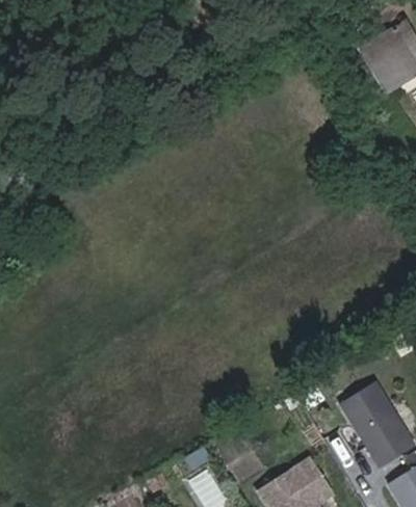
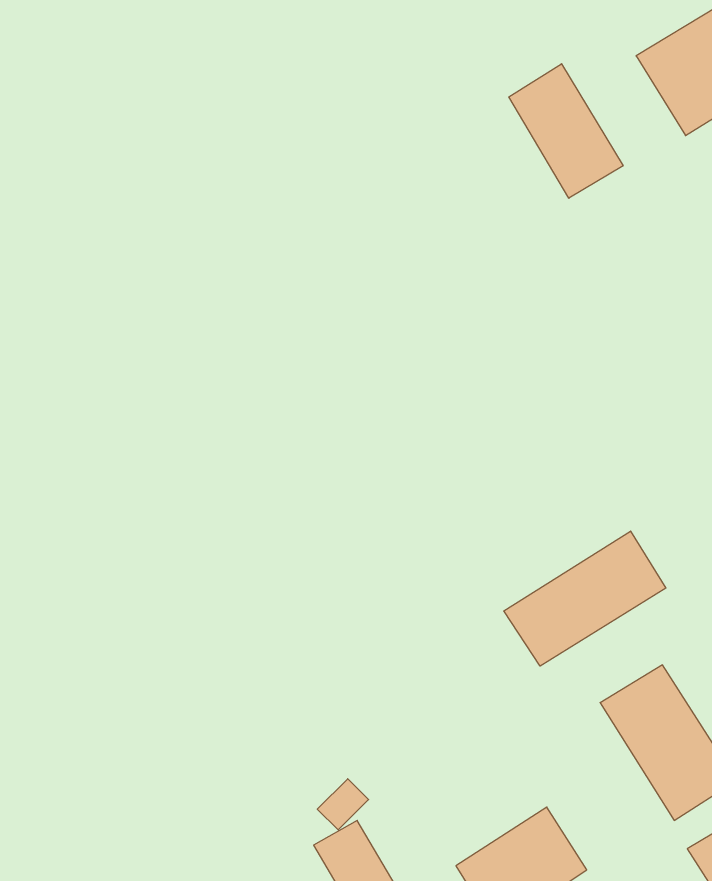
building: none -> [509,64,623,198]
building: none -> [504,531,666,666]

